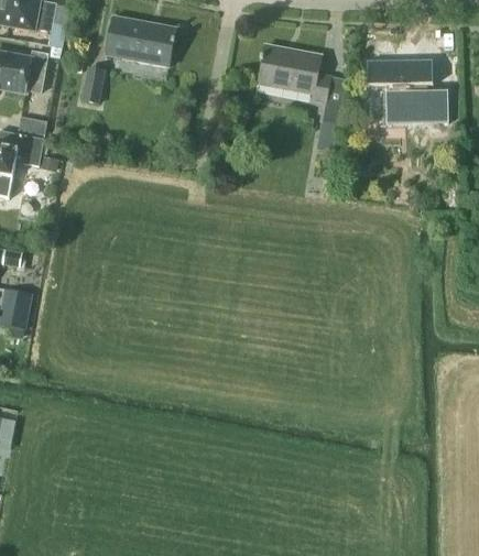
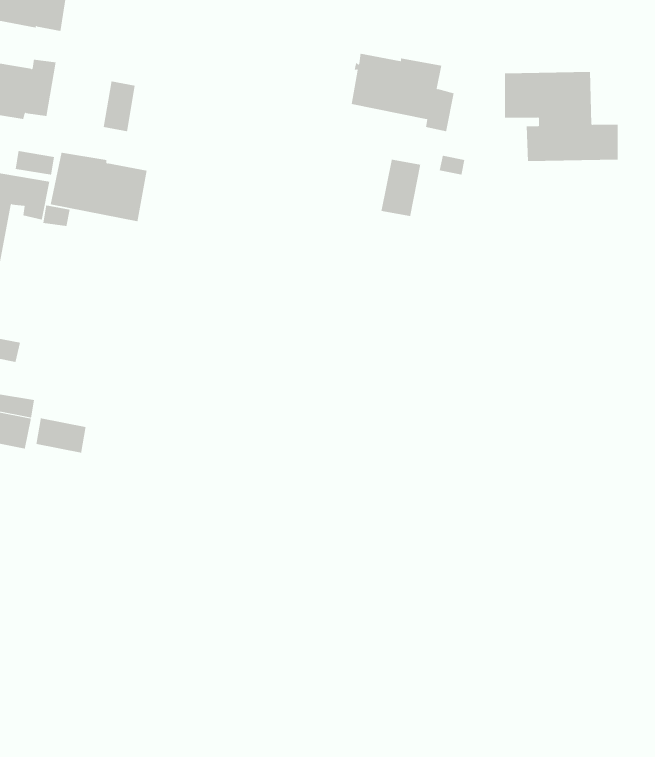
building: [106,17,175,66] -> [50,152,147,222]
building: none -> [381,159,421,217]
building: none -> [36,418,86,453]

